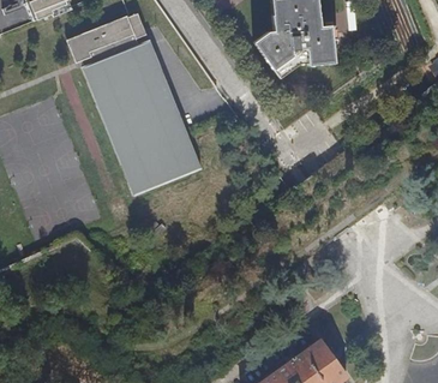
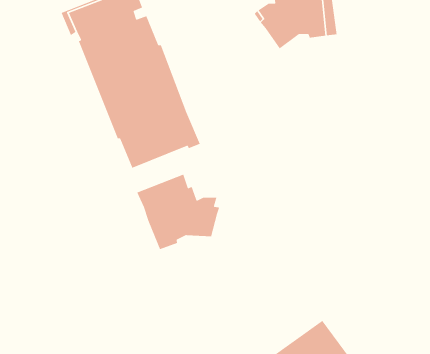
building: none -> [136,173,220,250]

